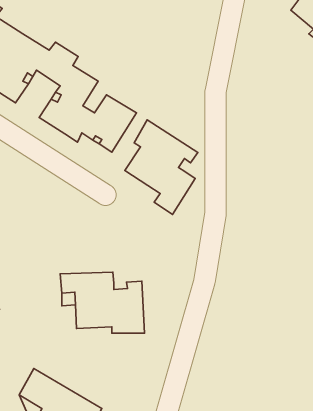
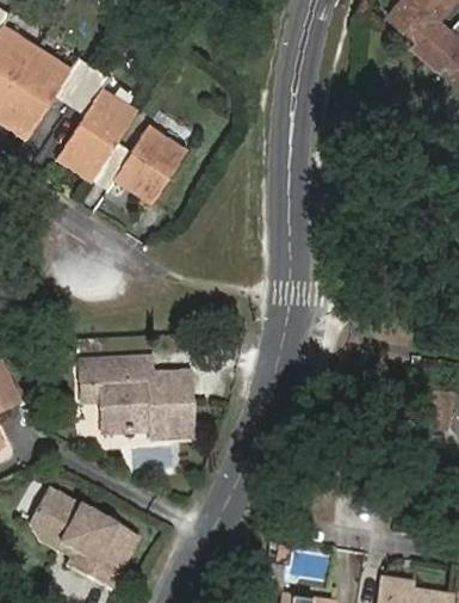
building: [125,120,198,215] -> none

